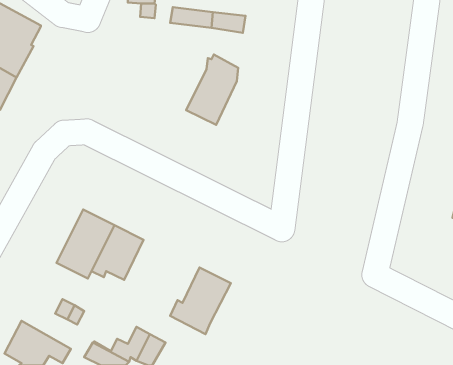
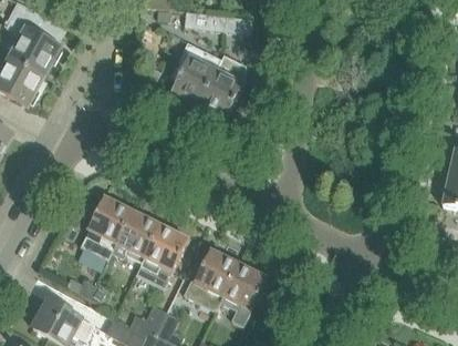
building: none -> [170,41,219,104]
building: none -> [136,223,189,286]
building: none -> [221,263,268,324]

